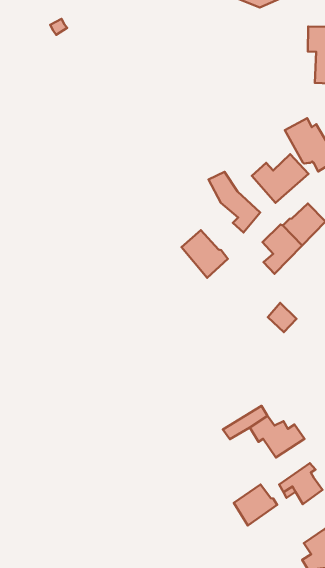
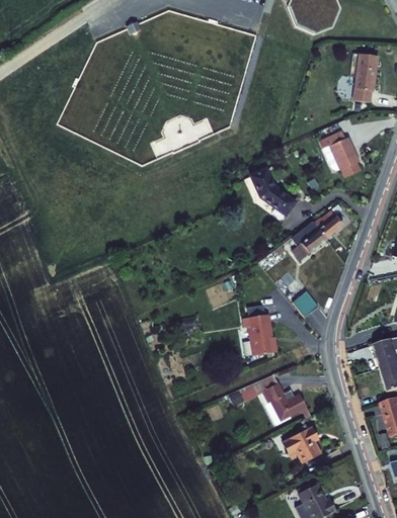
building: [252,154,309,203] -> none
building: [182,230,228,278] -> none
building: none -> [241,314,275,357]
building: [234,484,277,525] -> none

